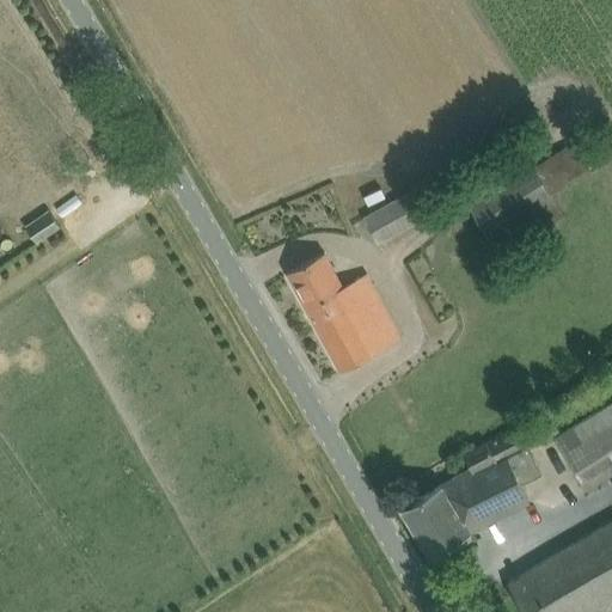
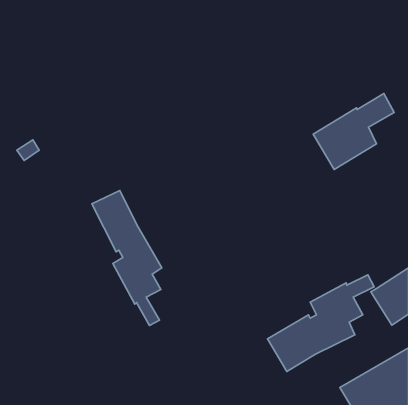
building: [363,196,420,245] -> none
building: [288,256,400,372] -> none
building: none -> [92,190,162,326]

